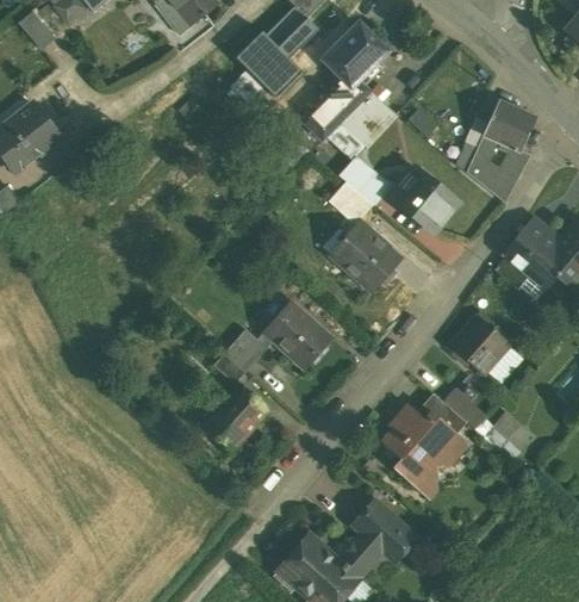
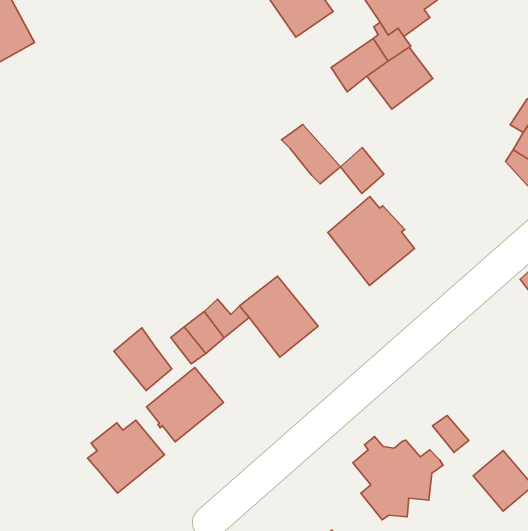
building: [337,160,390,206] -> [282,125,340,184]
building: [390,168,457,232] -> none
building: [449,316,509,374] -> none
building: none -> [114,328,172,390]
building: [415,392,462,429] -> none
building: none -> [87,420,164,493]

